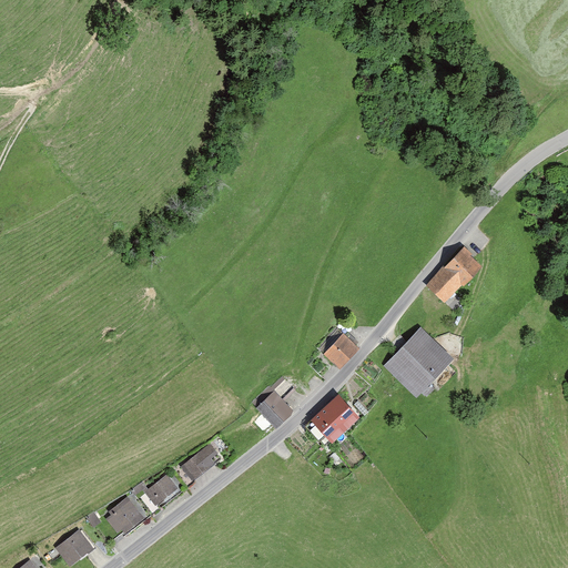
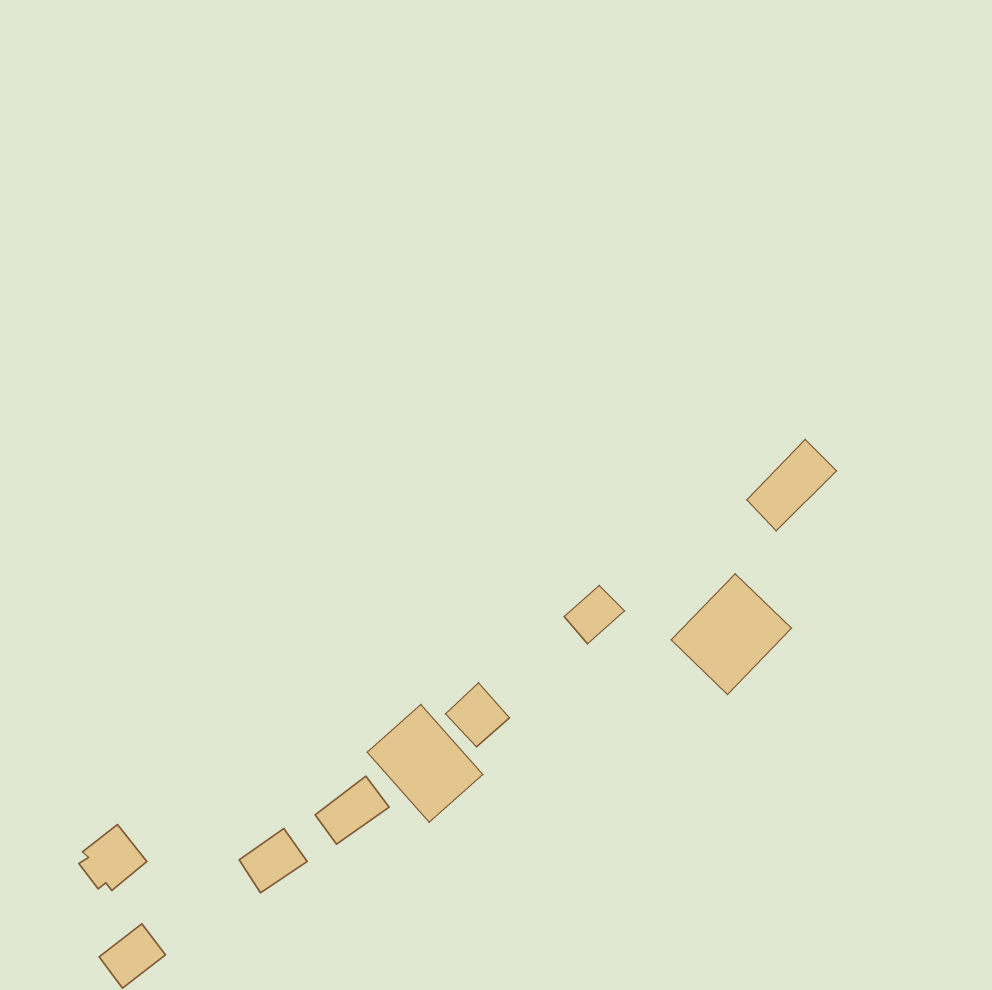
building: [310,396,357,444] -> none
building: none -> [367,704,483,822]
building: [108,494,146,531] -> [79,824,147,891]

